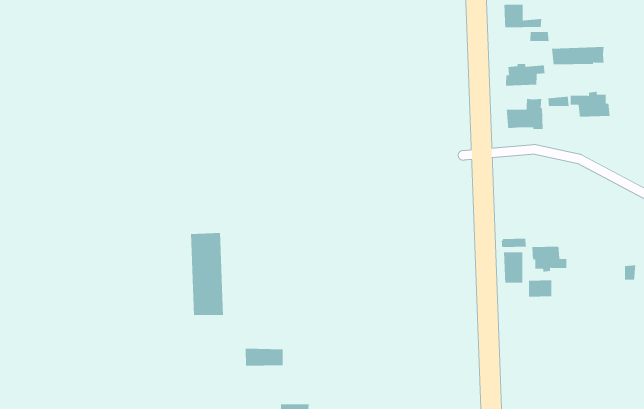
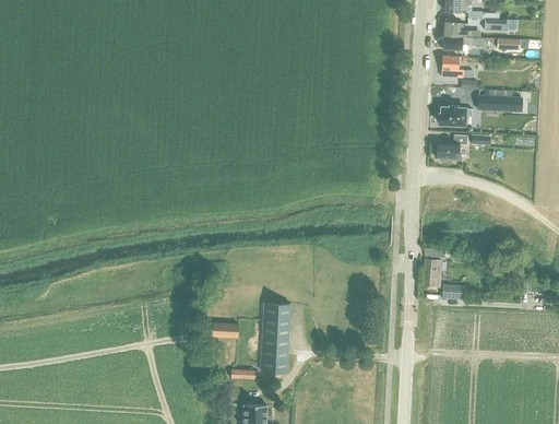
building: [570,91,611,118] -> none
building: [190,232,224,316] -> [262,303,290,373]
building: [531,246,567,273] -> none

